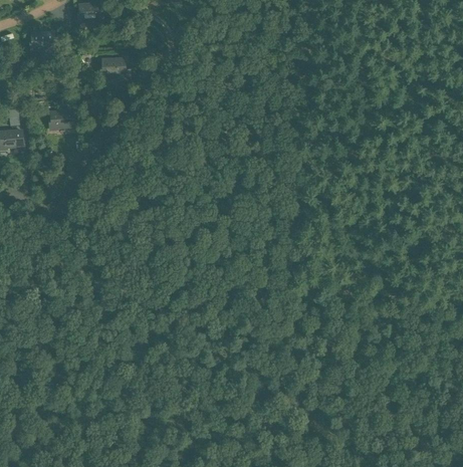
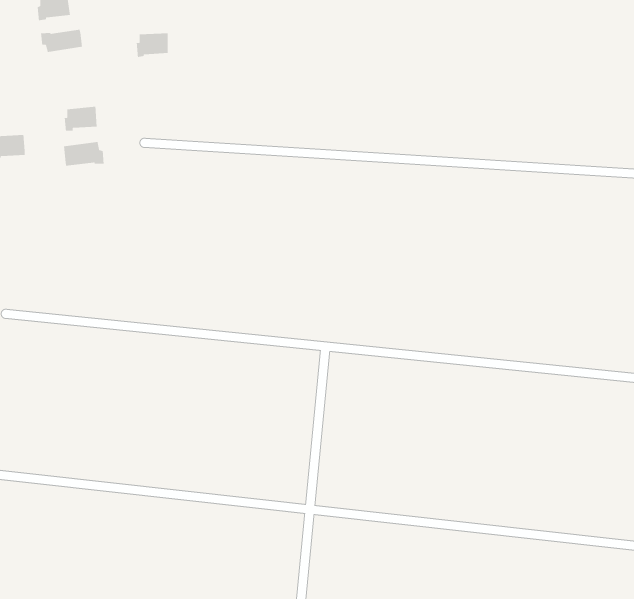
building: none -> [40,29,83,53]
building: none -> [63,141,104,166]

